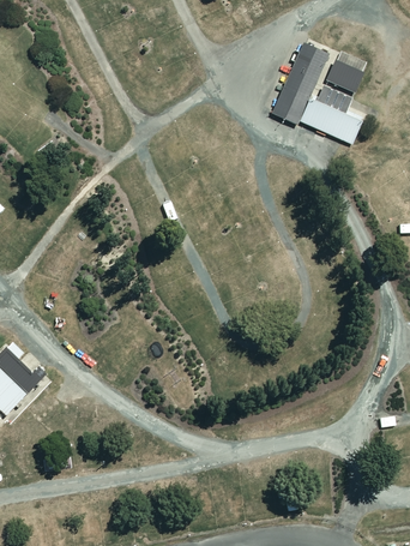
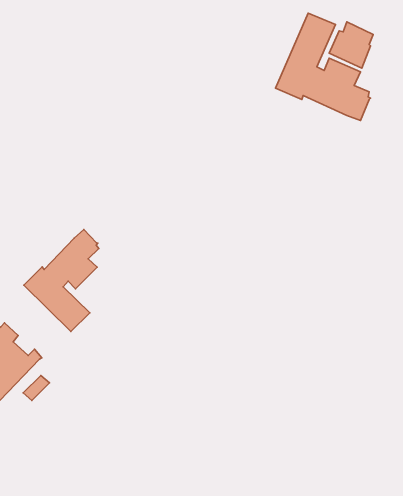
building: none -> [24,229,99,331]

